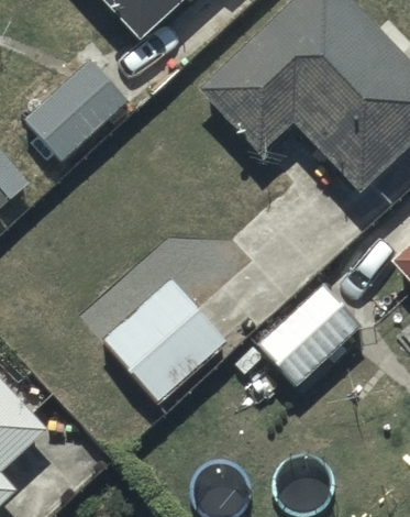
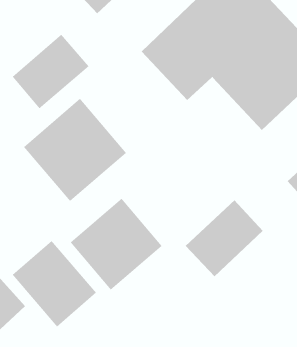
building: none -> [23,98,127,202]
building: none -> [12,240,97,327]

